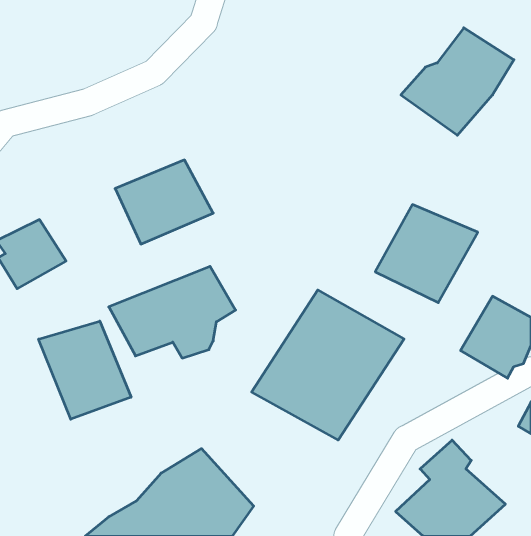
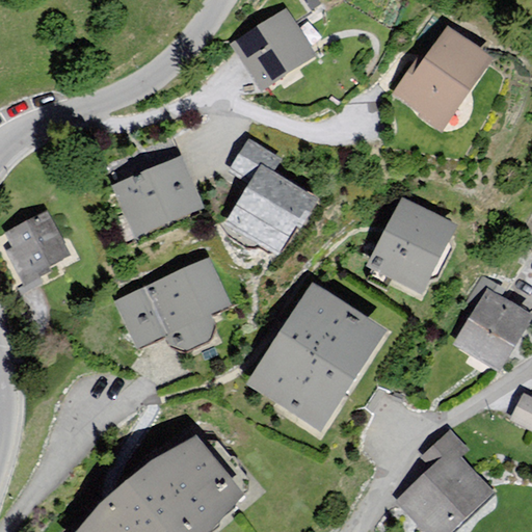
building: none -> [227,8,316,94]
building: none -> [223,139,324,257]
building: [39,321,131,419] -> none

